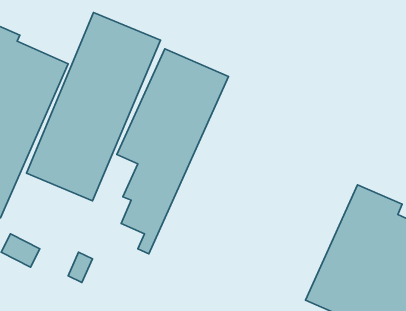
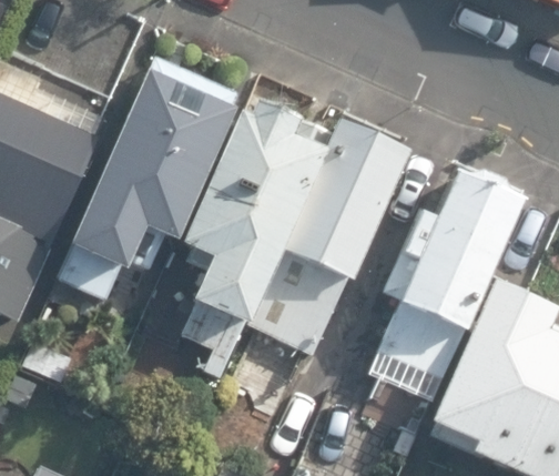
building: none -> [246,124,403,352]
building: none -> [369,175,516,381]

